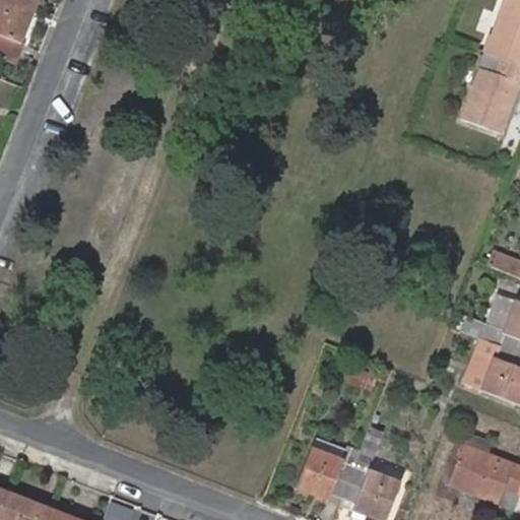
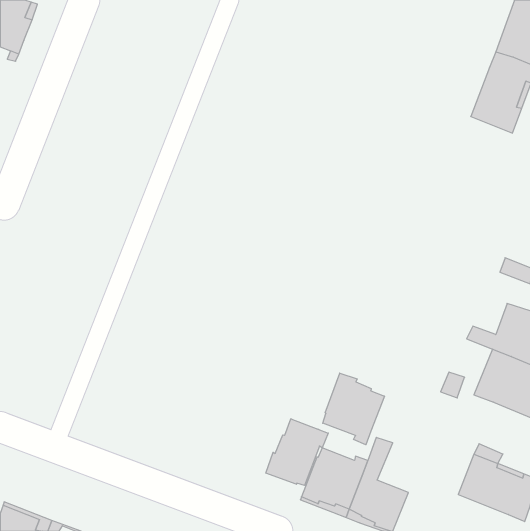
building: none -> [323,373,384,445]
building: none -> [266,419,328,485]

